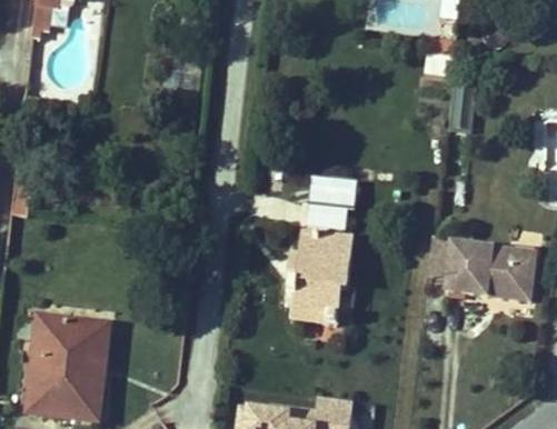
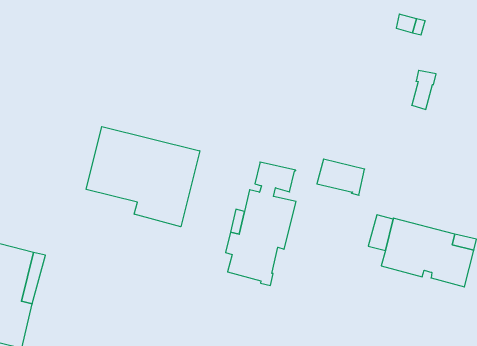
building: [310,179,356,210] -> [317,159,365,195]
building: none -> [86,127,200,227]

